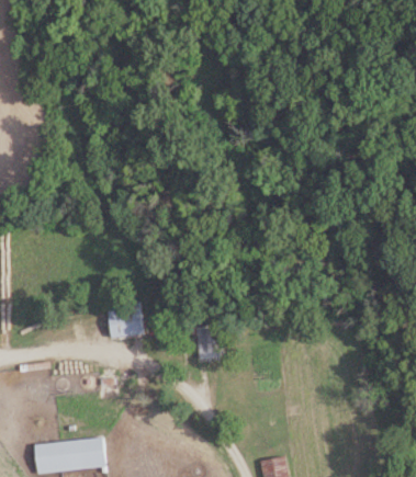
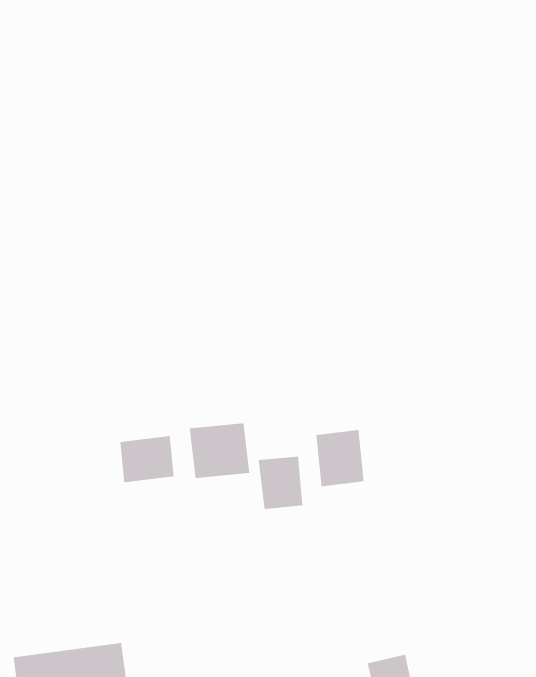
building: none -> [189,423,250,479]
building: none -> [316,429,364,487]

